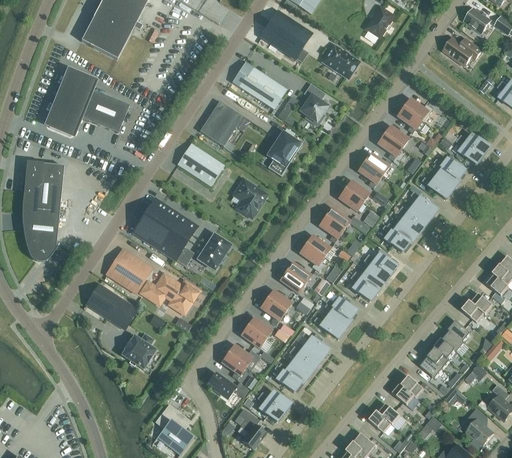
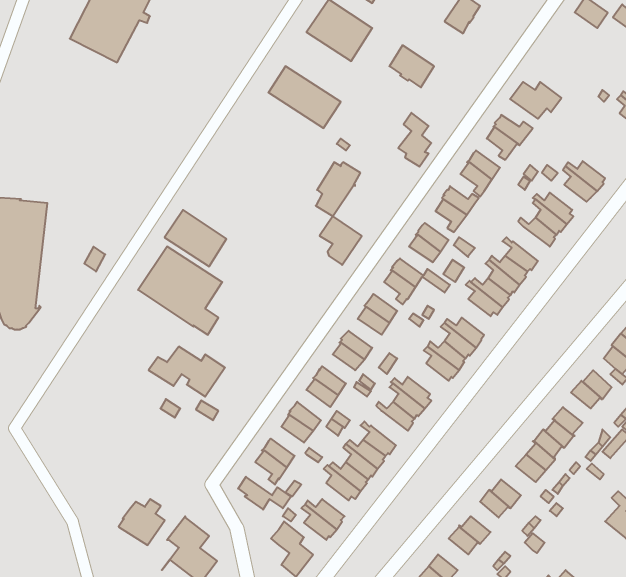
building: [443,37,482,65] -> [510,82,561,119]
building: [47,69,129,134] -> none
building: [301,83,326,124] -> [398,113,431,167]
building: [199,99,243,145] -> none
building: [177,142,224,185] -> [165,210,226,266]
building: [234,179,266,216] -> [320,216,362,265]
building: [198,234,230,269] -> none
building: [106,248,153,293] -> none
building: [86,283,138,328] -> none
building: [121,333,156,368] -> [119,499,165,545]
building: [466,407,494,444] -> none

